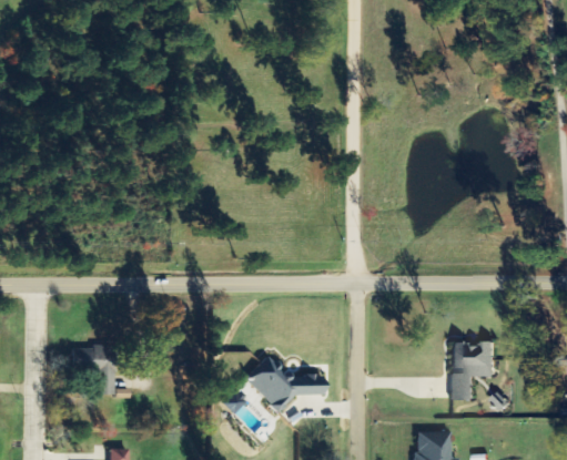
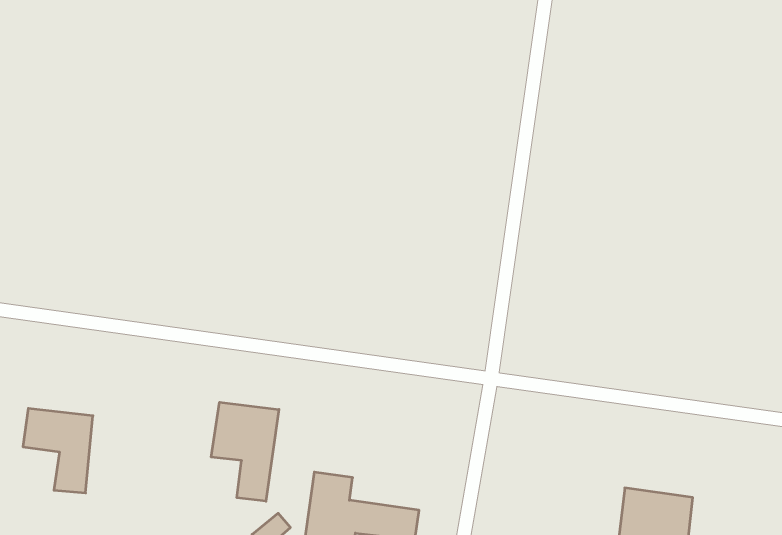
building: none -> [211,402,279,501]

